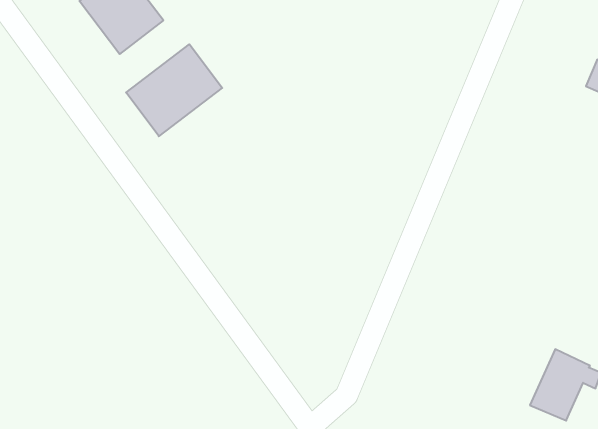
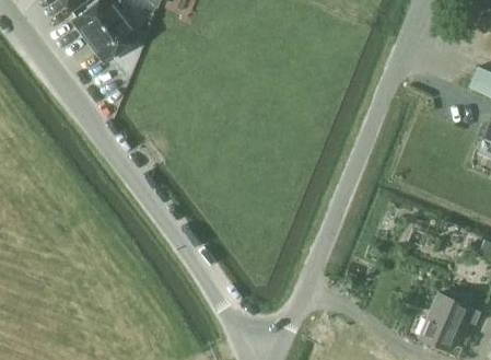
building: [126,44,222,136] -> none

